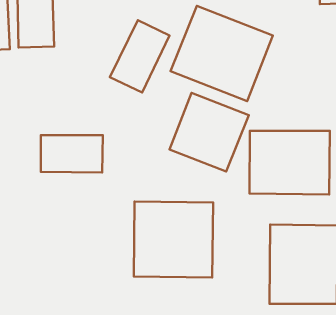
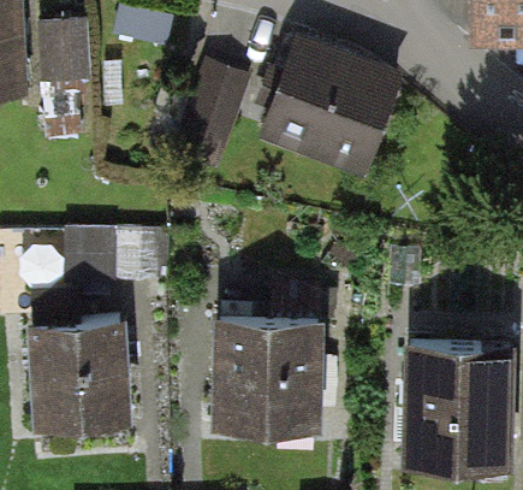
building: [169,93,249,171] -> none
building: [249,131,330,194] -> none
building: none -> [25,318,131,420]

